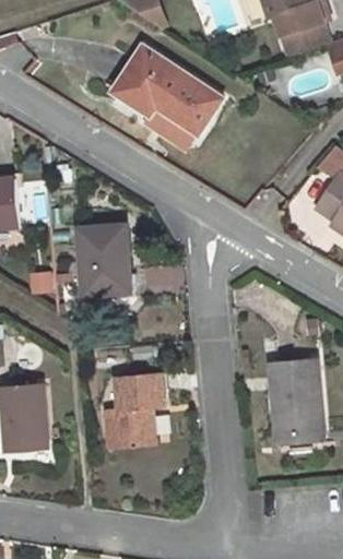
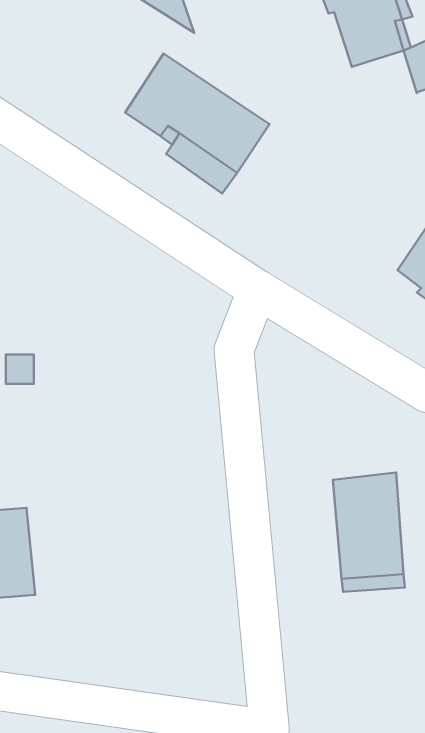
building: [80,225,129,294] -> none
building: [106,372,164,448] -> none

